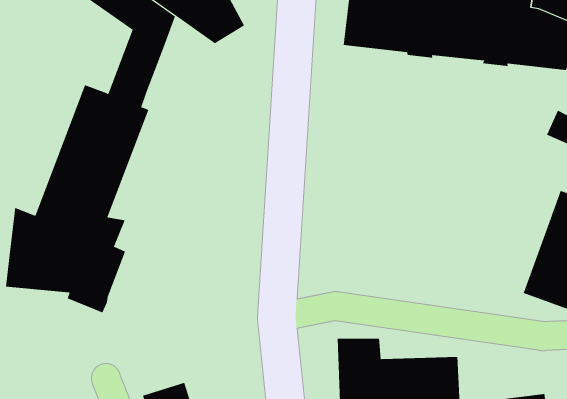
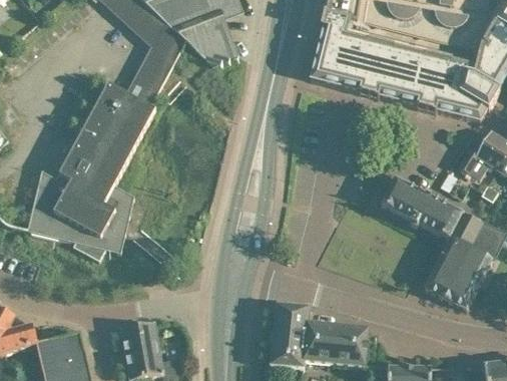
building: none -> [361,168,463,239]

